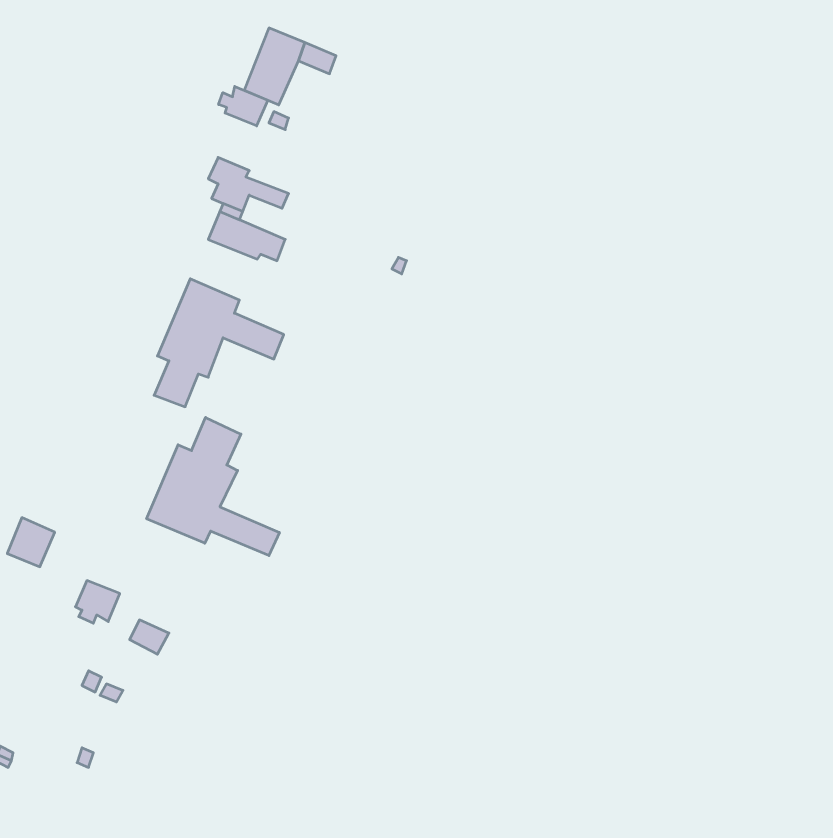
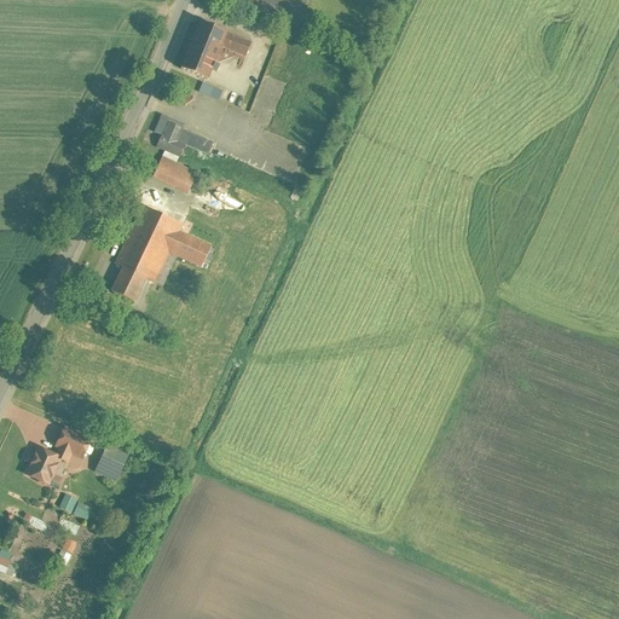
building: [219,86,268,126] -> none
building: [147,417,279,556] -> none
building: [7,518,55,567] -> [25,446,60,482]

